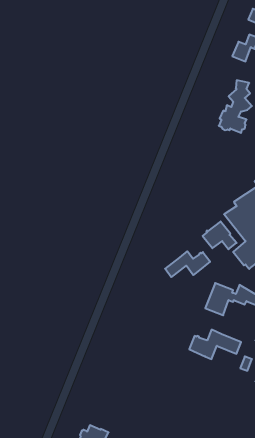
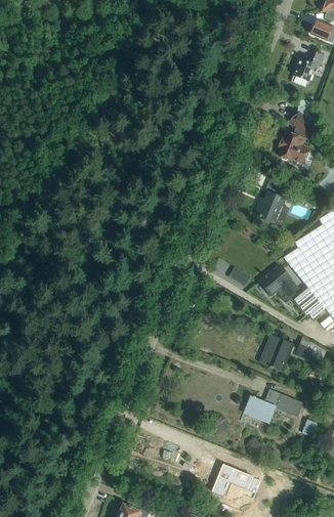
building: none -> [254,188,291,222]
building: [165,251,210,277] -> none
building: none -> [211,468,261,502]

